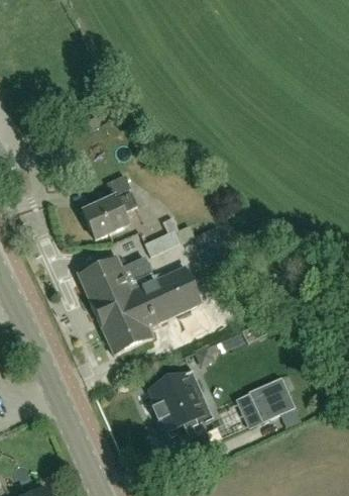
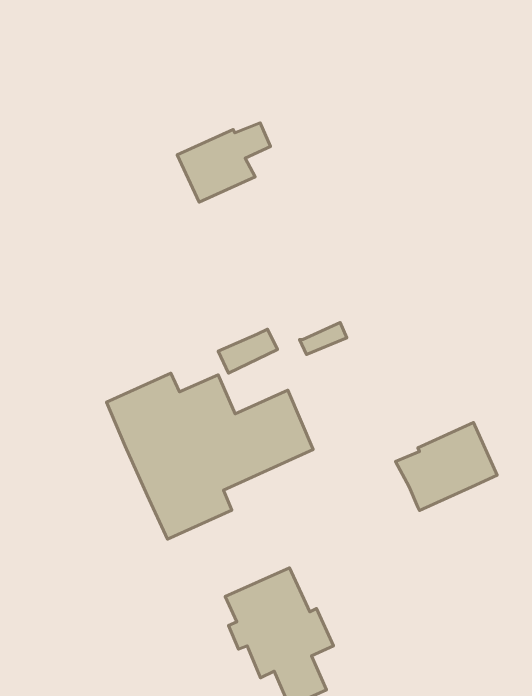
building: [83,191,138,238] -> [177,123,270,202]
building: [235,376,296,428] -> [396,423,497,511]

